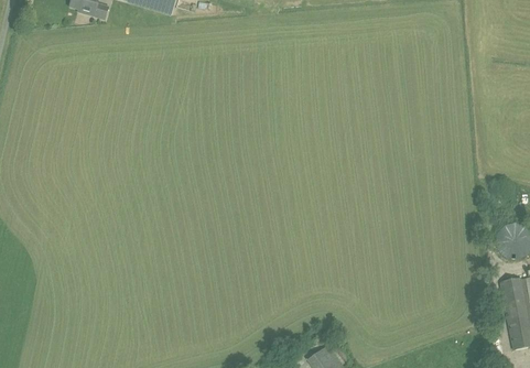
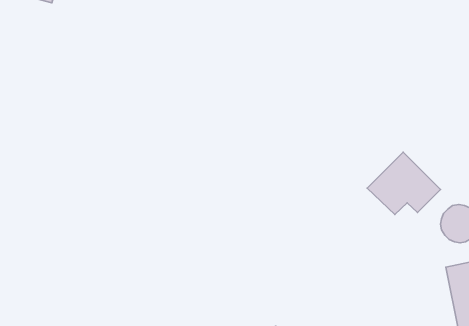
building: none -> [367,152,441,215]

